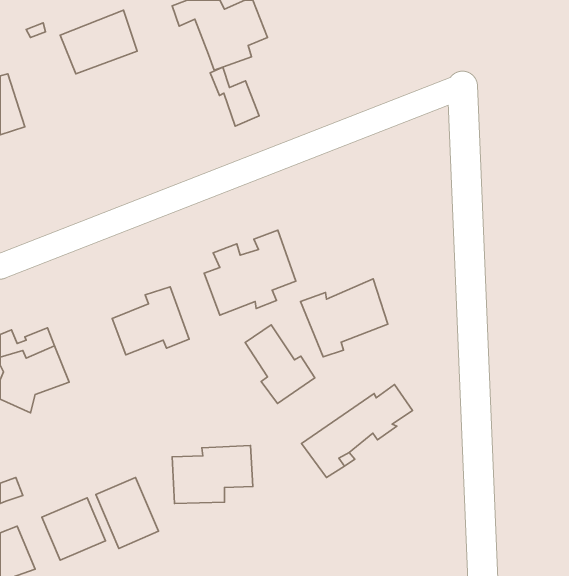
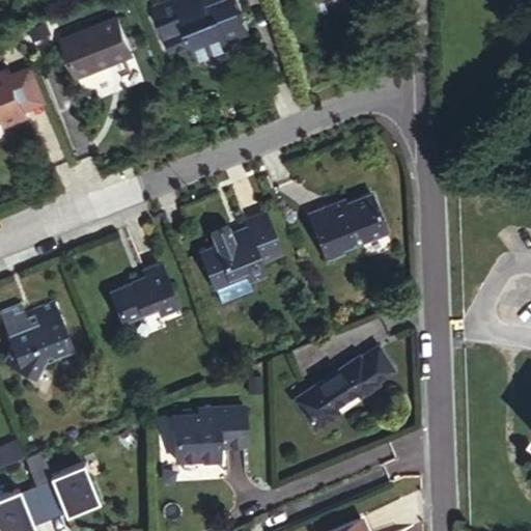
building: [210,67,259,126] -> [156,8,200,62]
building: [301,279,388,357] -> [304,188,384,259]
building: [245,325,315,403] -> none
building: [96,477,158,548] -> none

